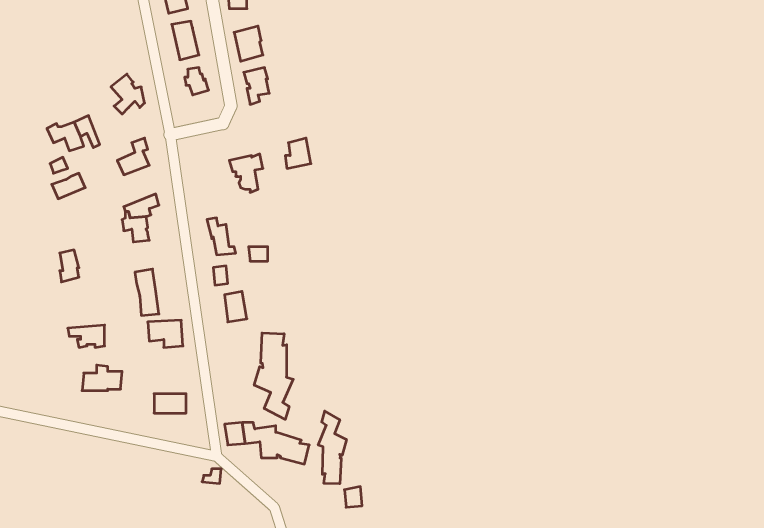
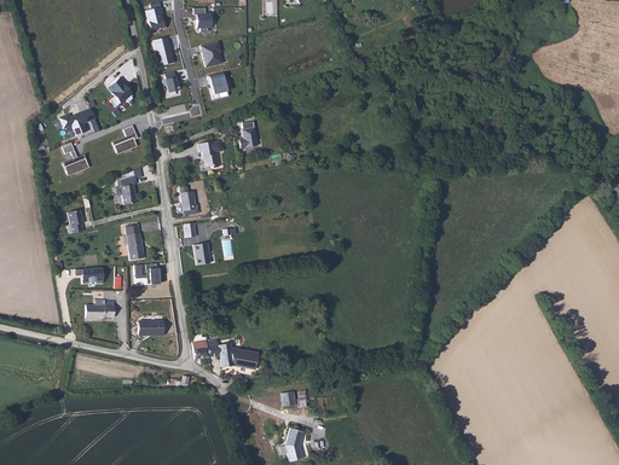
building: [254,333,293,419] -> none
building: [318,411,346,484] -> none

